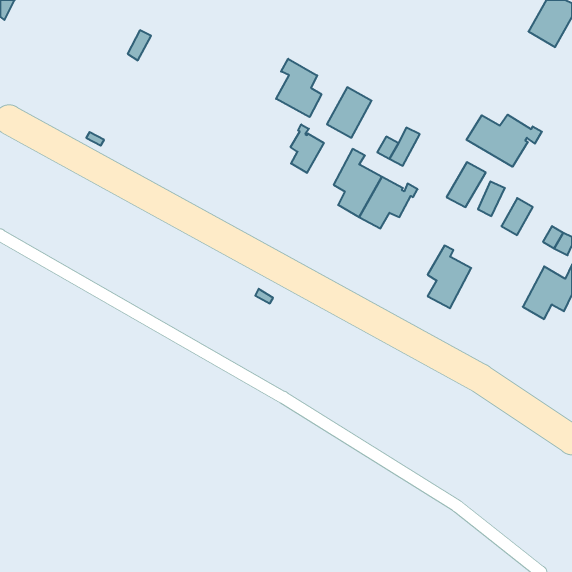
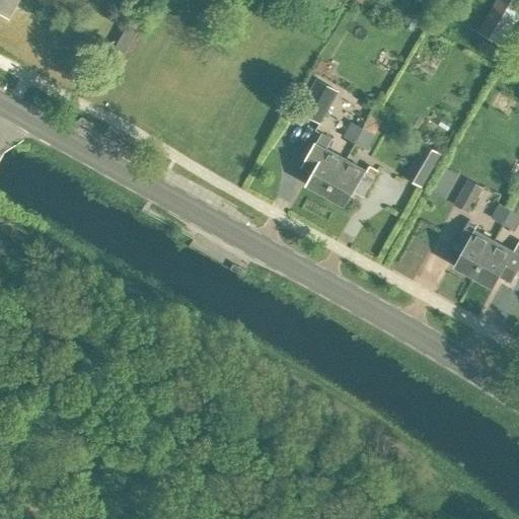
building: [276,59,321,117] -> none
building: [467,115,542,167] -> none
building: [291,124,324,173] -> none
building: [428,246,471,308] -> [453,221,493,278]

